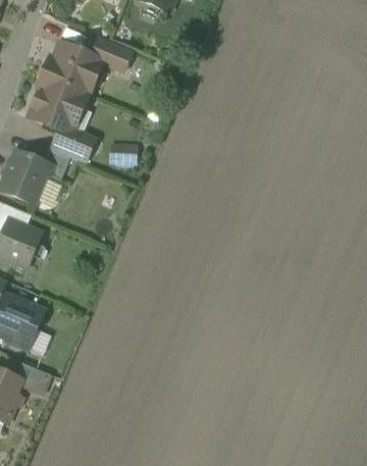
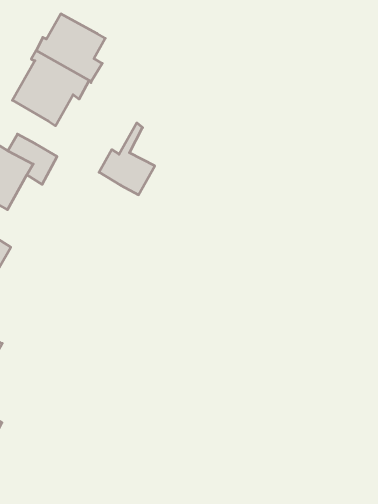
building: [90,37,132,79] -> none
building: [51,106,95,163] -> [99,123,155,195]

